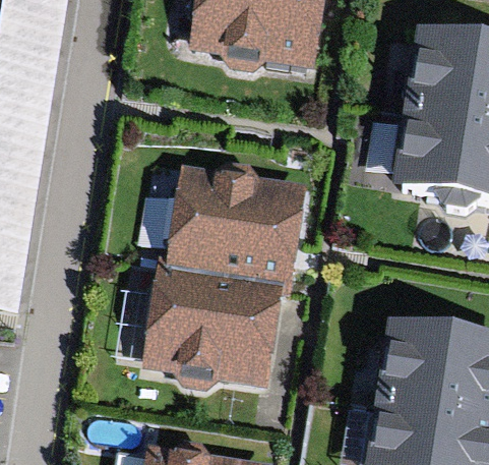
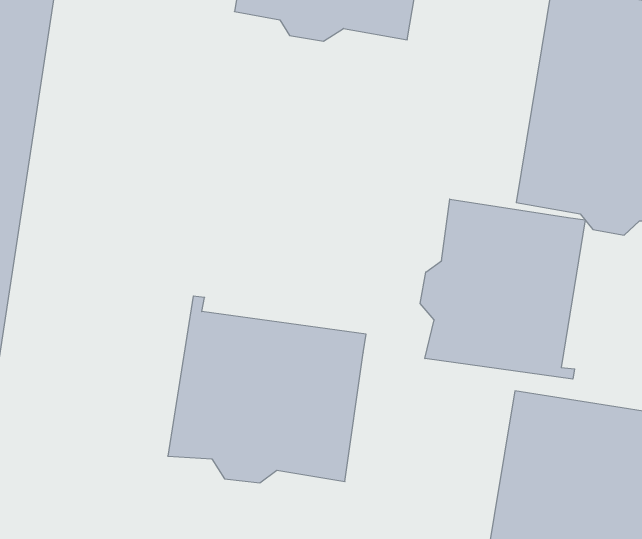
building: [166,164,306,293] -> none
building: none -> [420,199,585,379]

